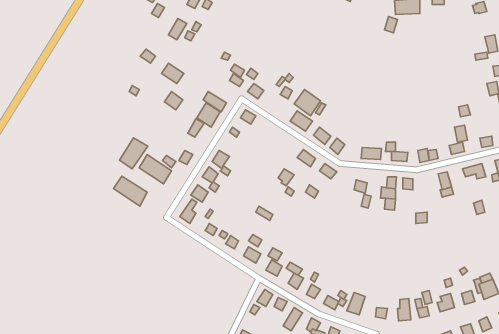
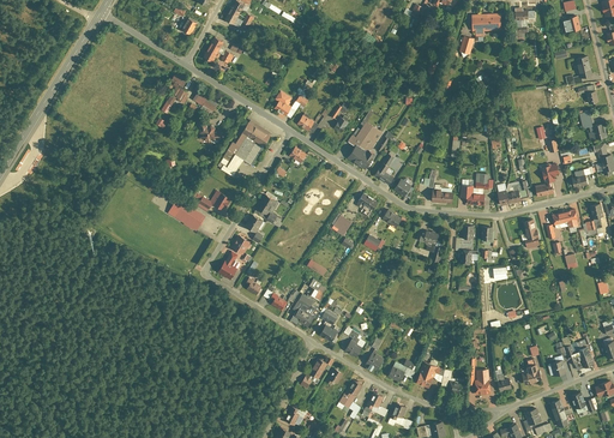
building: [119,138,148,169] -> none
building: [114,176,147,206] -> none

